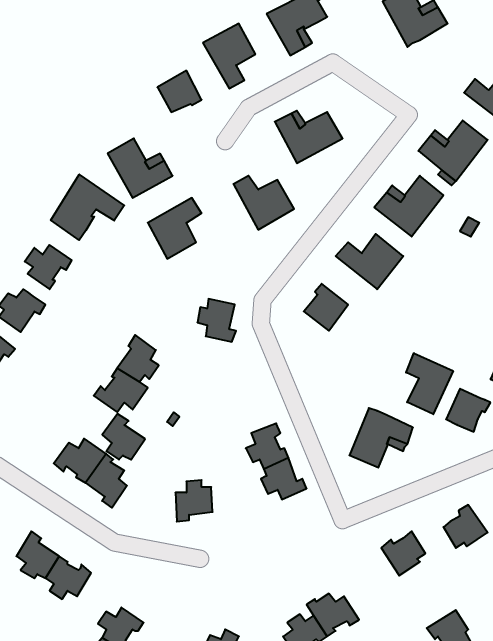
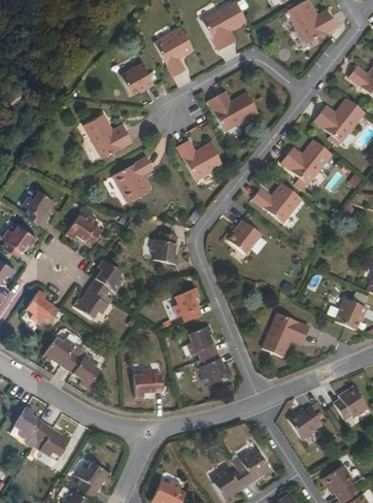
building: [51,174,124,240] -> none
building: none -> [65,215,101,245]
building: [406,353,453,414] -> none
building: none -> [171,287,201,322]
building: [102,414,145,460] -> [27,290,59,324]

